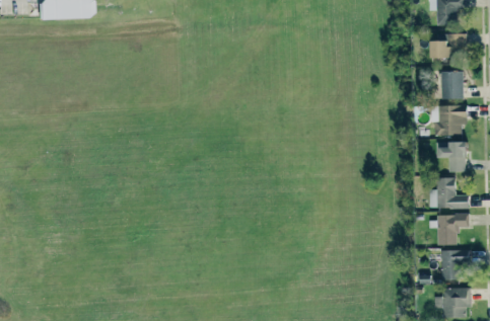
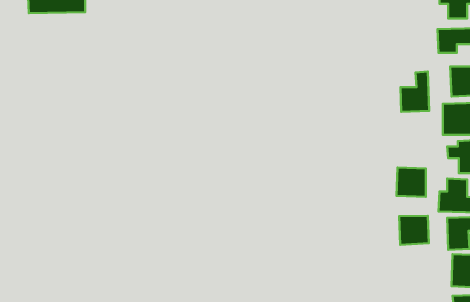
building: none -> [400,72,429,112]
building: none -> [396,168,426,197]
building: none -> [399,216,429,245]

